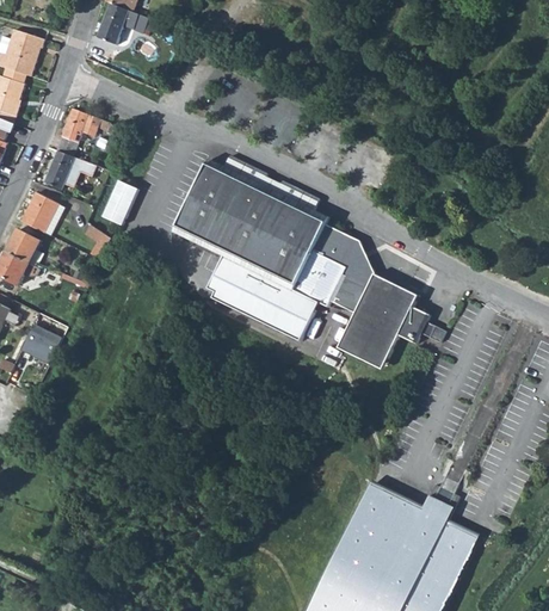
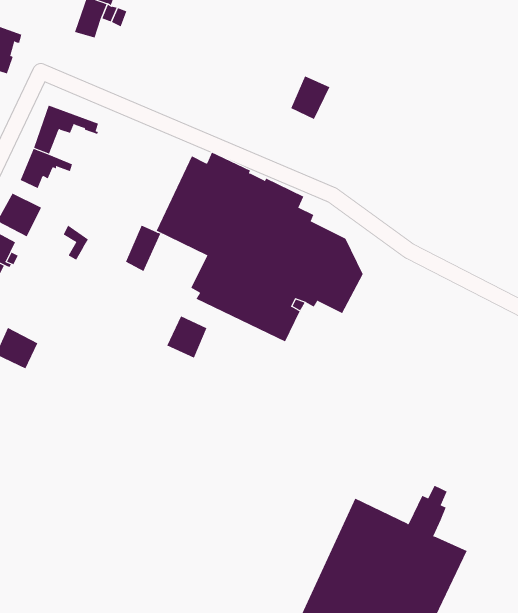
building: none -> [290,75,330,120]
building: [101,180,136,226] -> [125,225,161,272]
building: [337,272,434,366] -> none
building: none -> [166,315,207,358]

